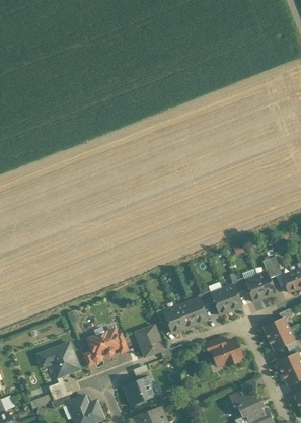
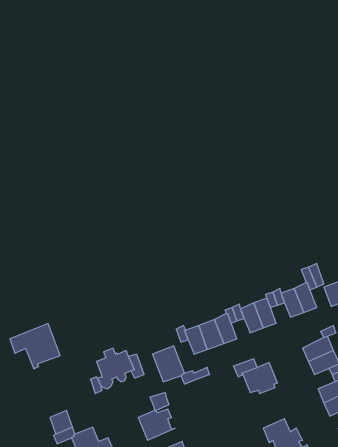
building: [37,342,80,380] -> [10,323,60,369]

